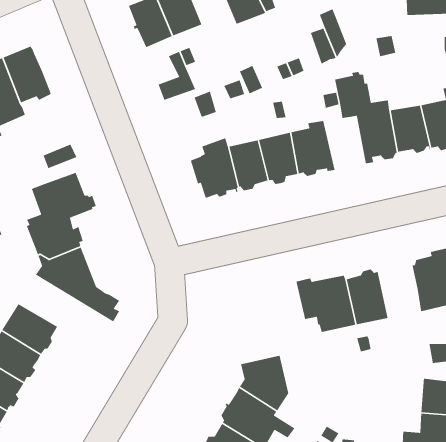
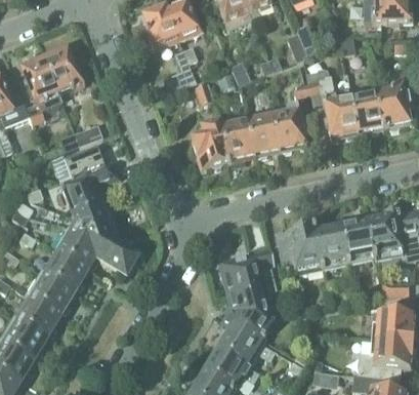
building: none -> [340,220,374,263]
building: none -> [54,228,130,272]
building: none -> [222,250,276,299]

